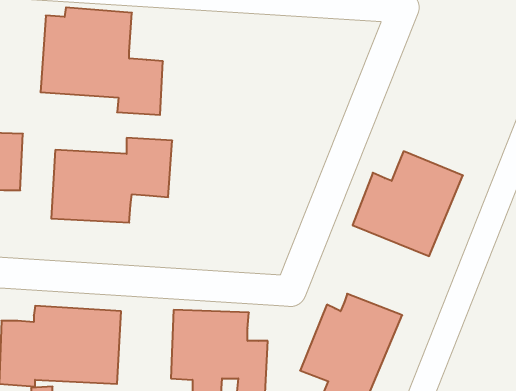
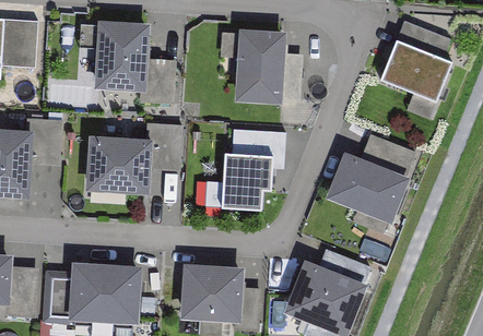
building: none -> [379,23,451,122]
building: none -> [234,27,302,103]
building: none -> [203,130,284,209]

